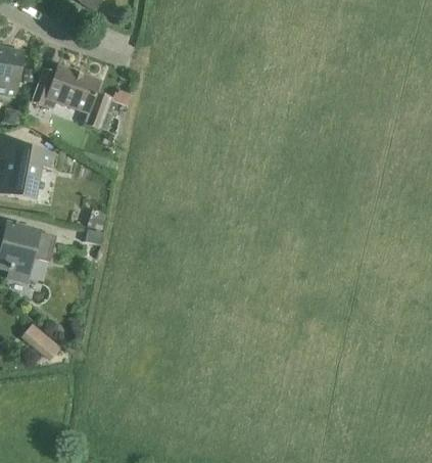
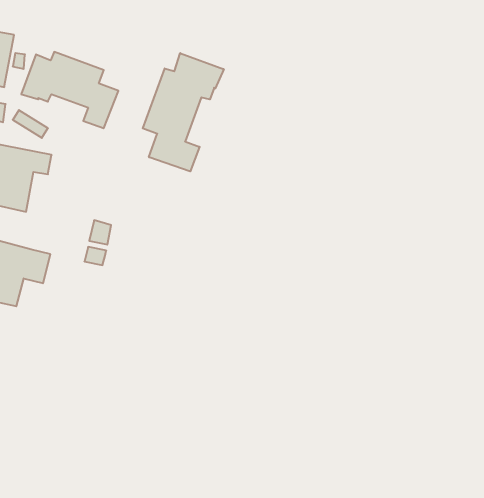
building: none -> [143,53,224,171]
building: [21,323,60,359] -> none

